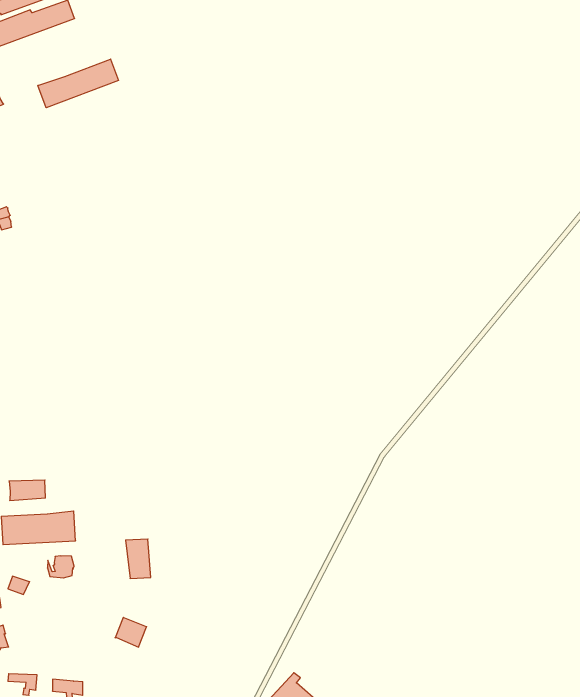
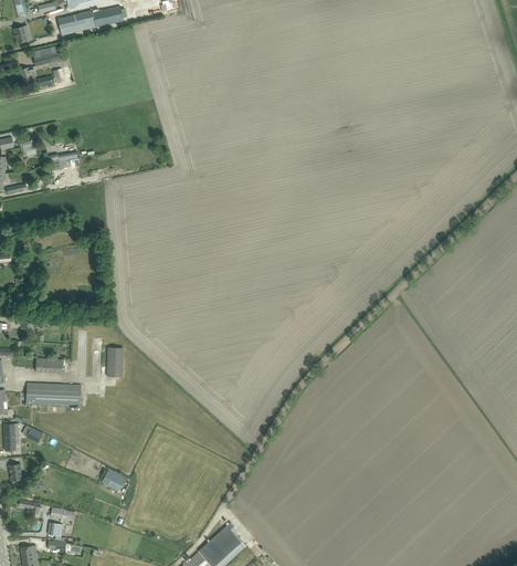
building: [38,59,118,108] -> none
building: [126,539,151,578] -> [106,347,123,377]

